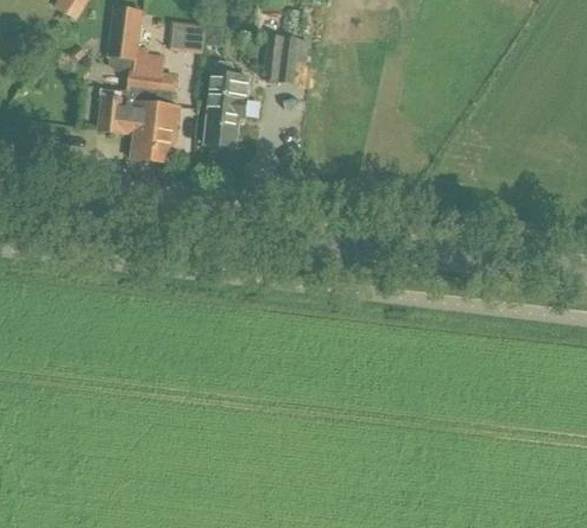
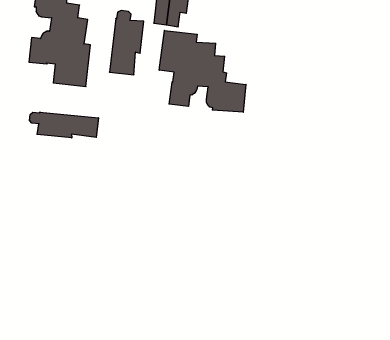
building: none -> [159,30,246,112]
building: none -> [30,112,98,138]

